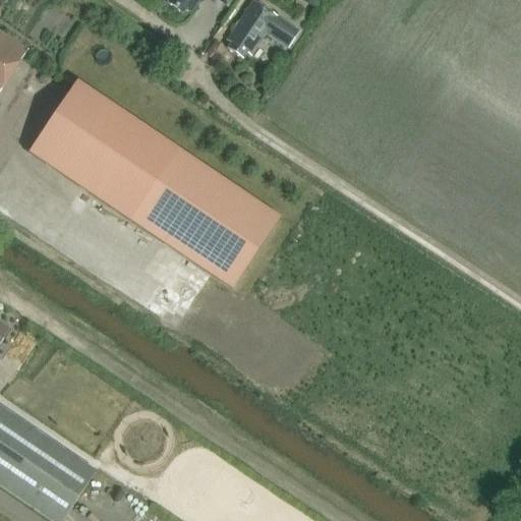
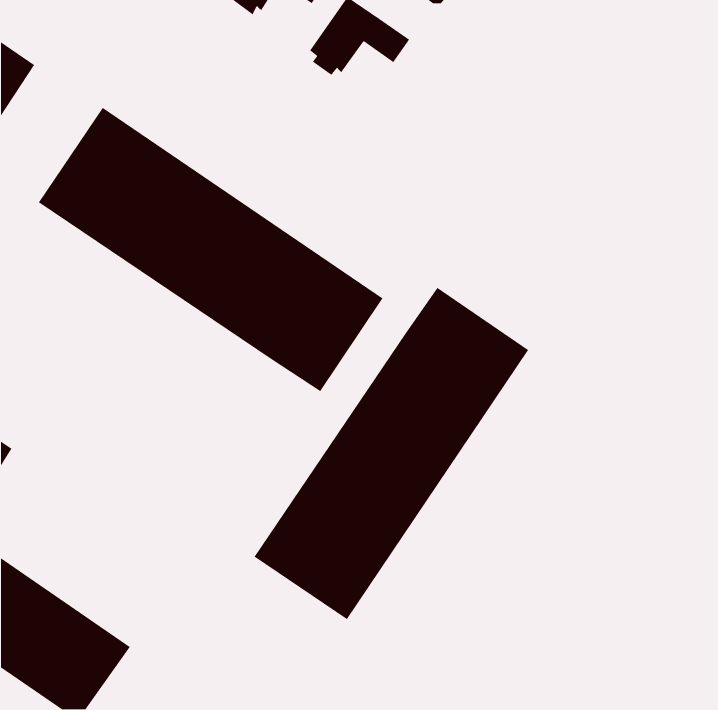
building: none -> [253,287,529,620]

